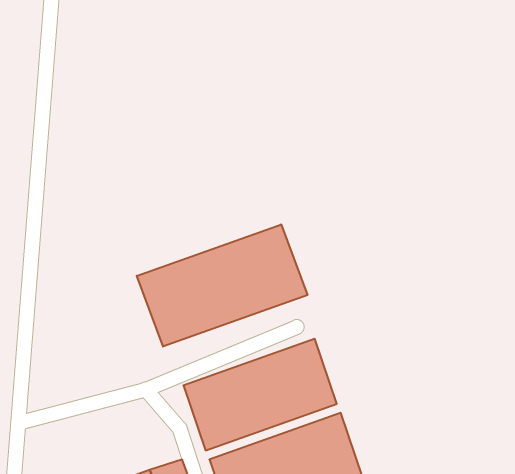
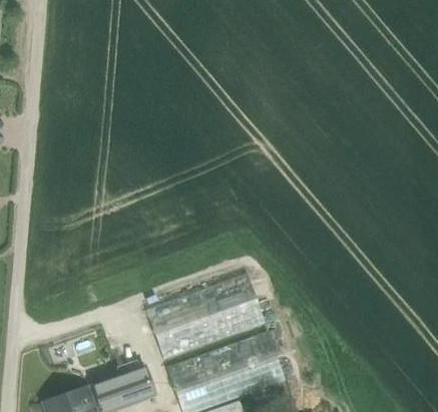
building: [137,224,307,347] -> none

